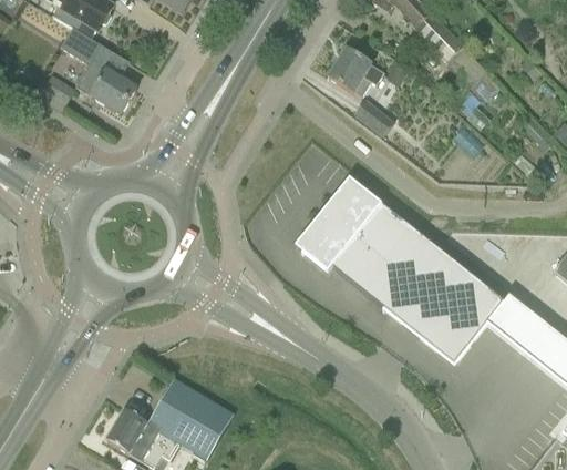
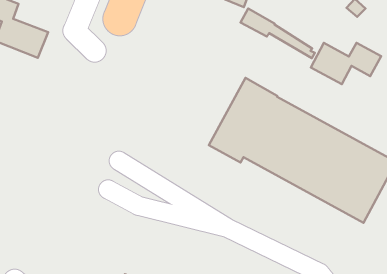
building: none -> [311,43,381,84]

